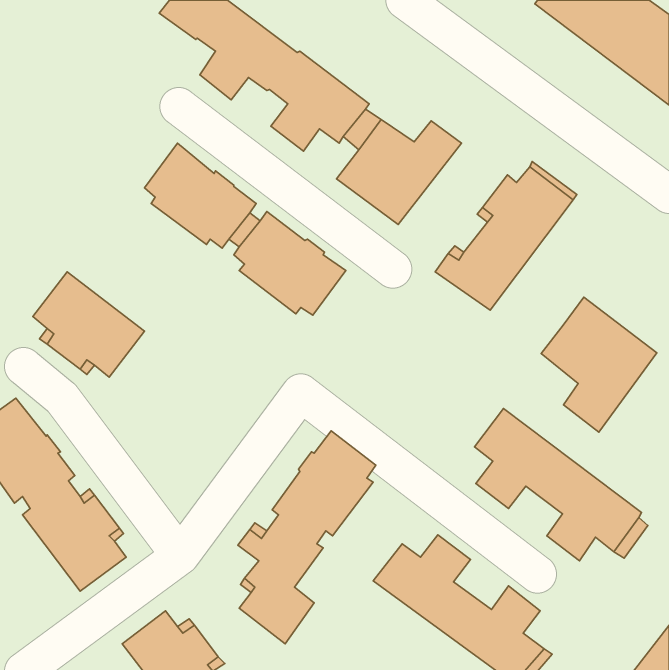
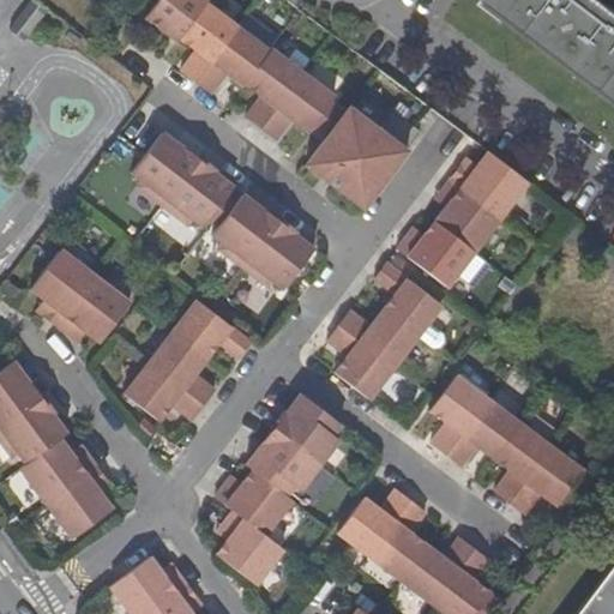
building: none -> [329,263,443,399]
building: [541,297,657,432] -> none
building: none -> [125,300,253,422]

